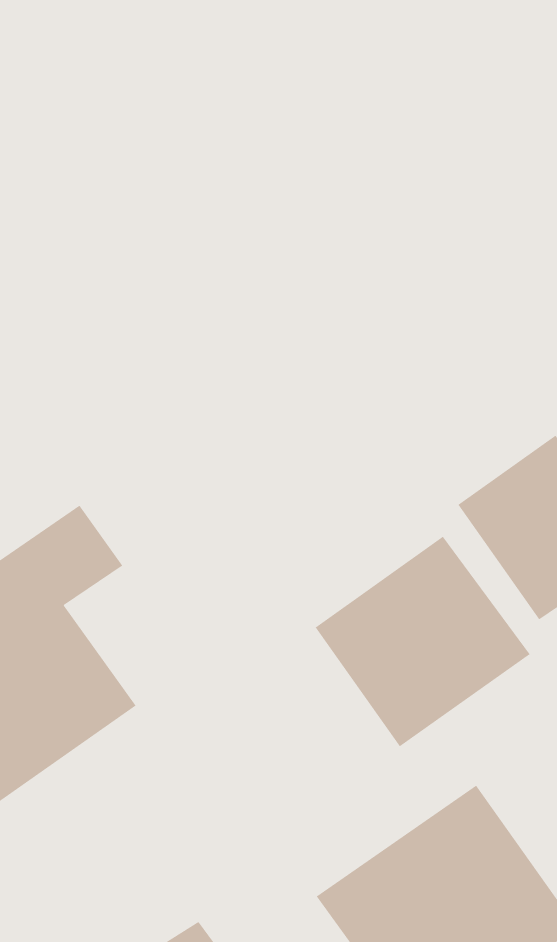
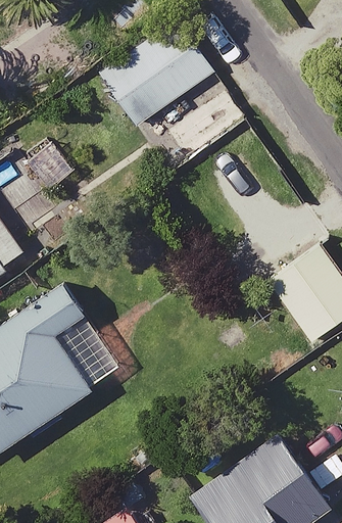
building: none -> [101,23,212,127]
building: [315,536,530,747] -> none

